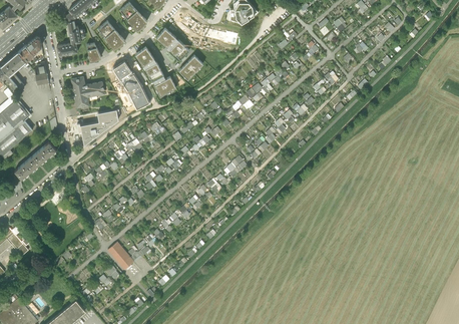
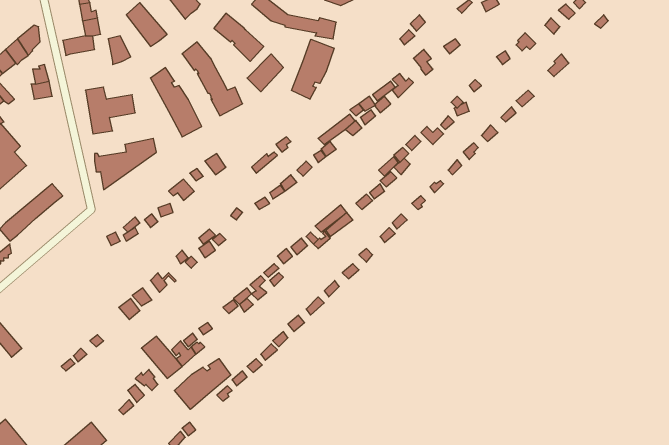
building: none -> [292,39,334,99]
building: none -> [174,359,231,409]

